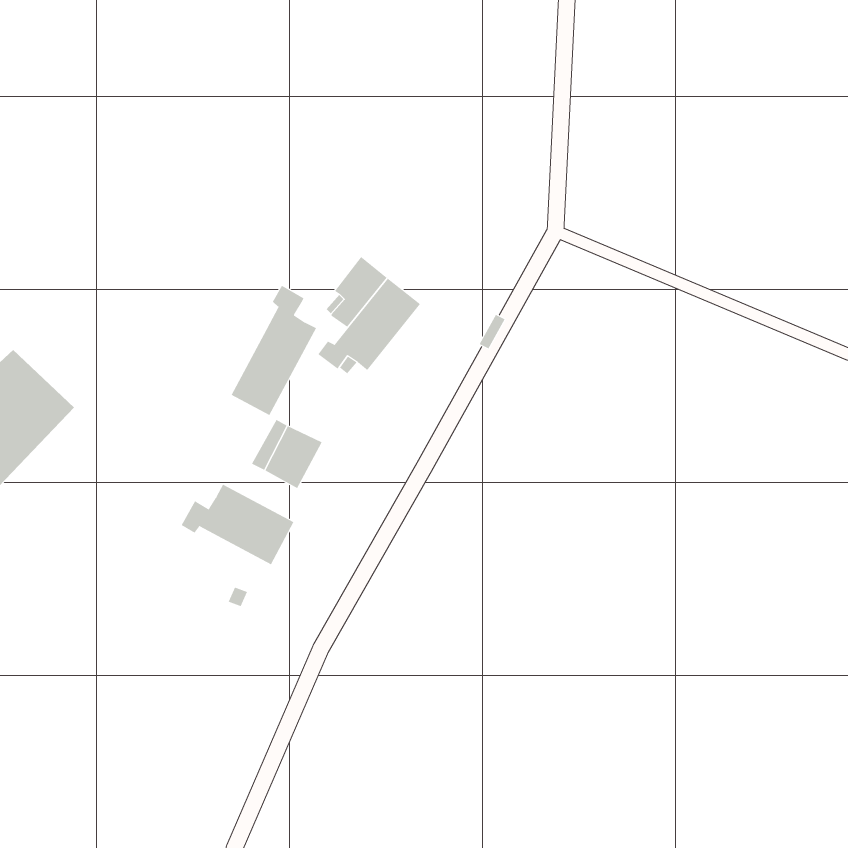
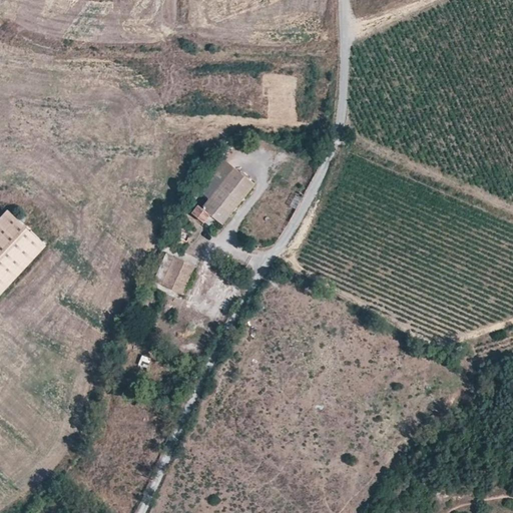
building: [231,285,317,416] -> none
building: [181,484,294,565] -> none

